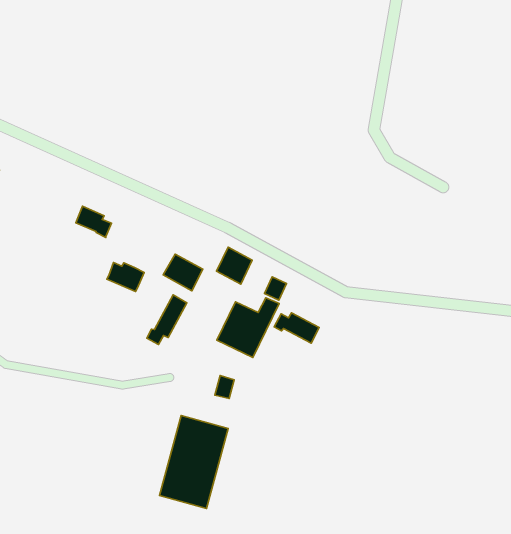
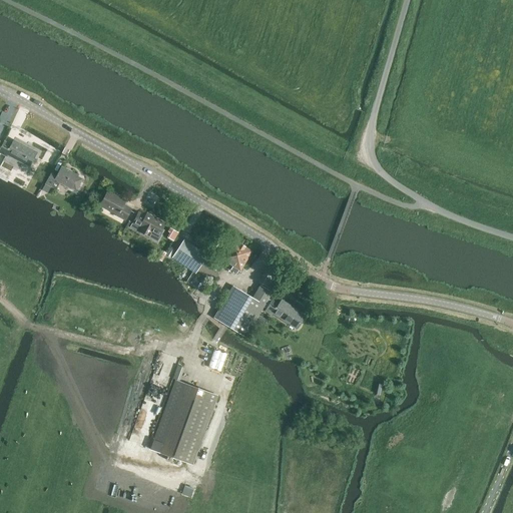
building: none -> [41,165,82,192]
building: [107,262,144,291] -> [131,211,164,238]
building: [147,295,187,345] -> none

